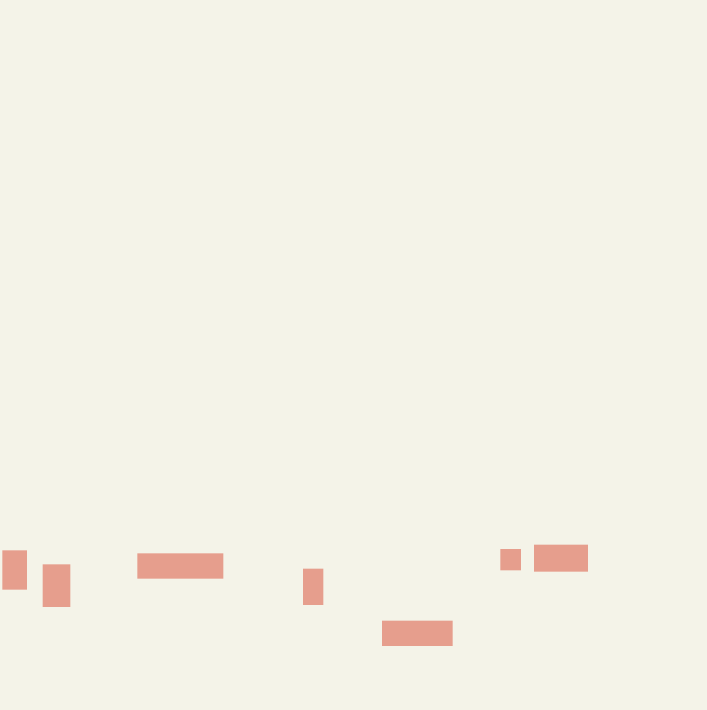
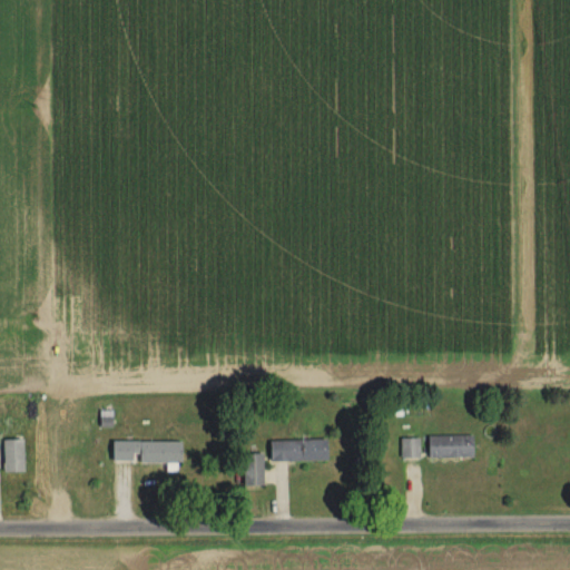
building: [42,564,71,608] -> none
building: [381,620,454,647] -> [271,440,328,461]

